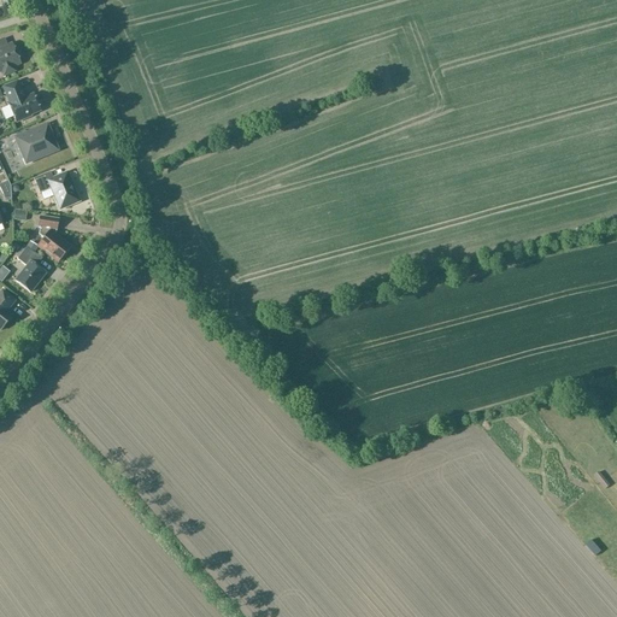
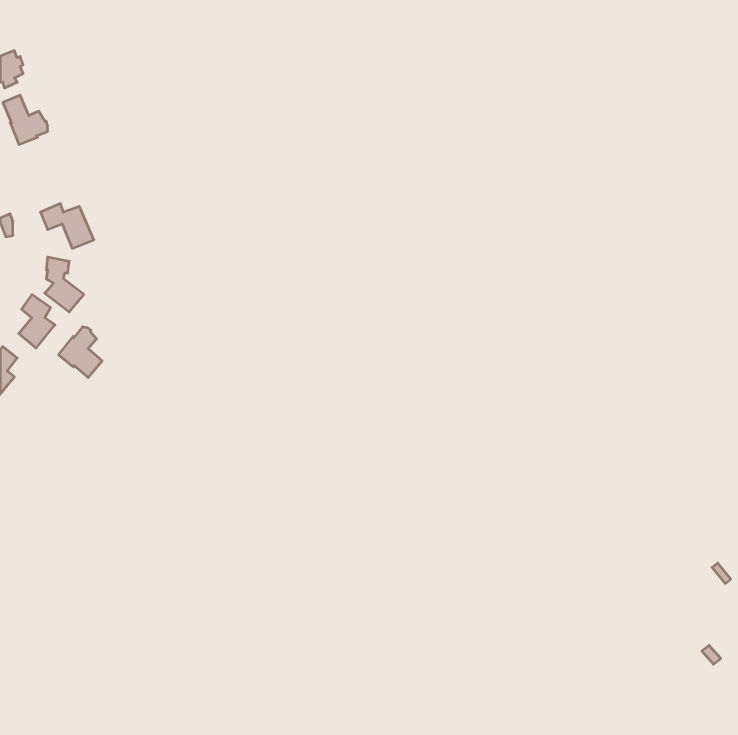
building: [17,124,54,160] -> none
building: none -> [59,327,102,378]

